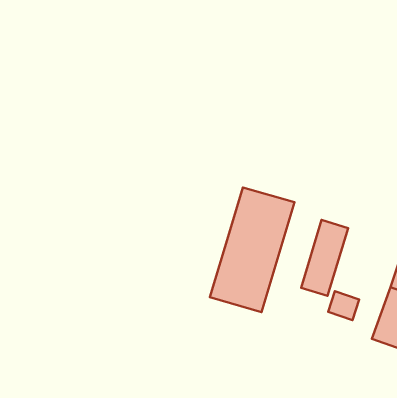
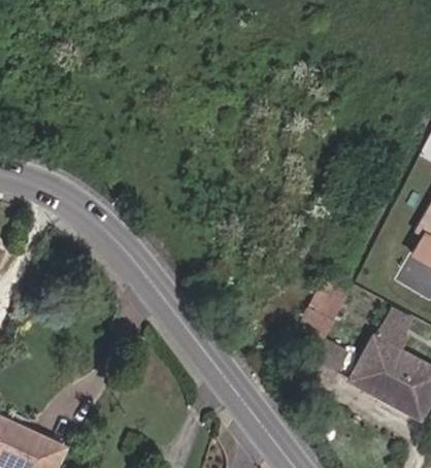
building: [210,188,294,312] -> none

